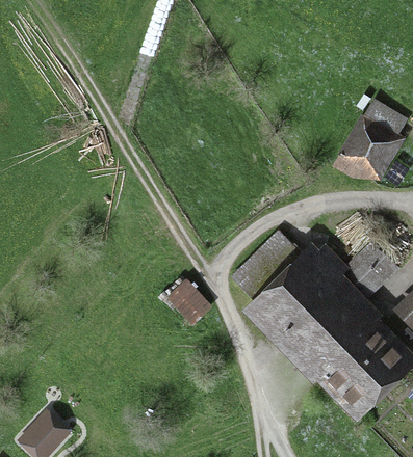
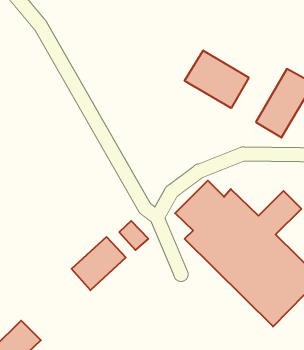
building: none -> [185,50,249,108]
building: none -> [72,237,126,290]

